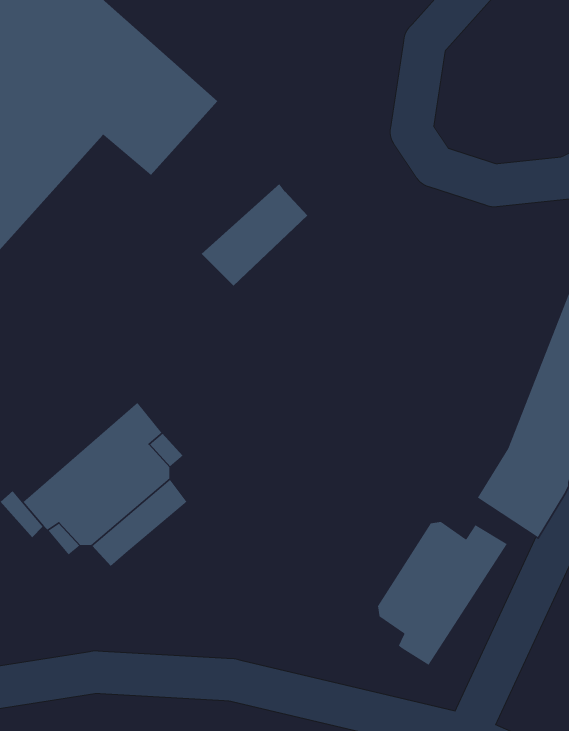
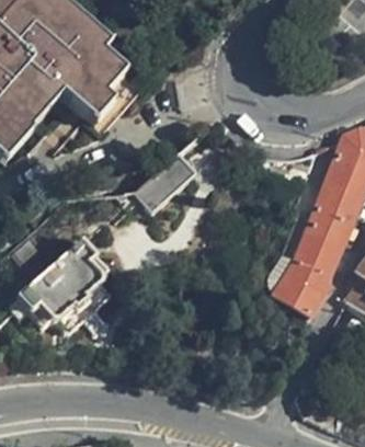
building: [201,183,308,287] -> [136,150,197,209]
building: [377,521,508,666] -> none

